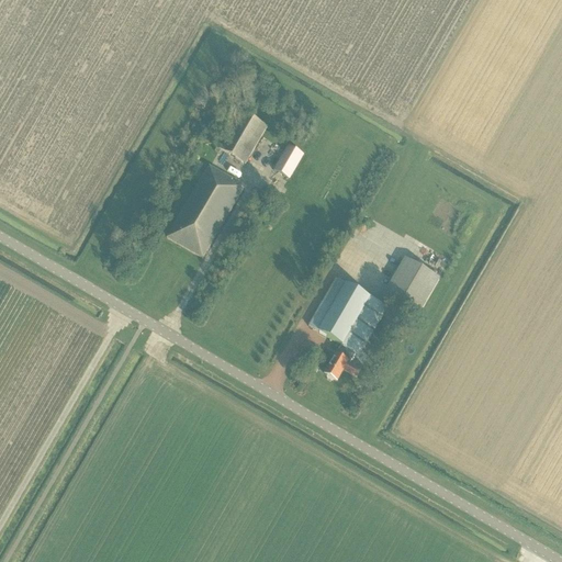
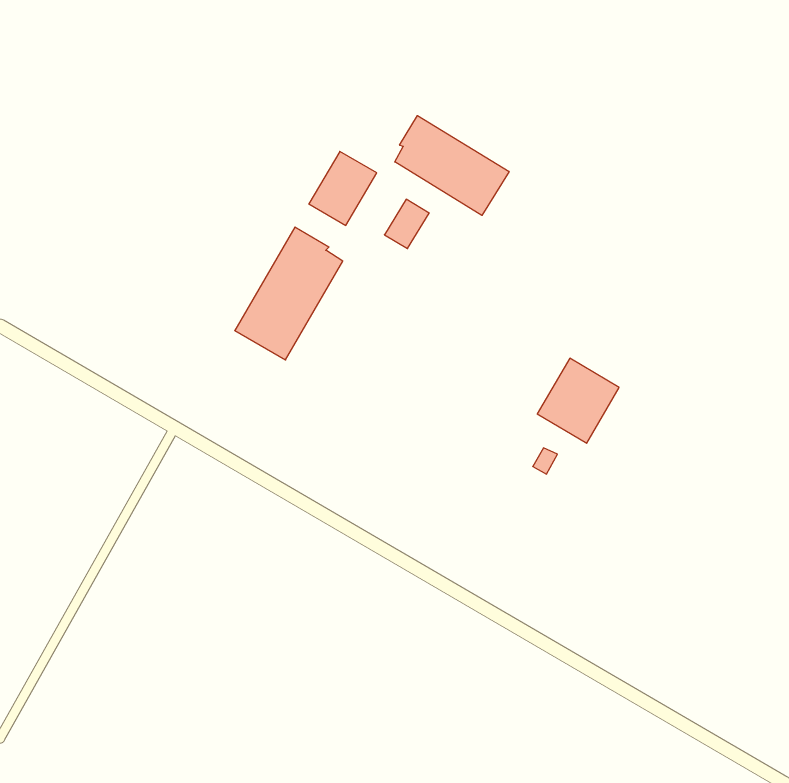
building: none -> [395,116,509,215]
building: [310,276,387,378] -> none

